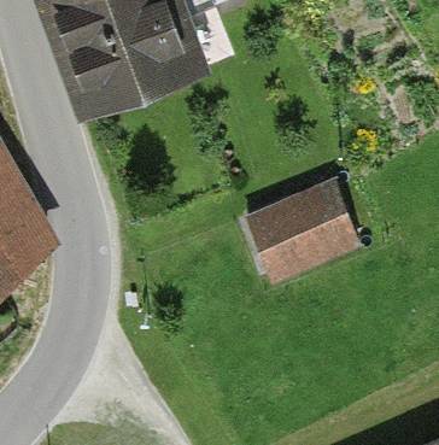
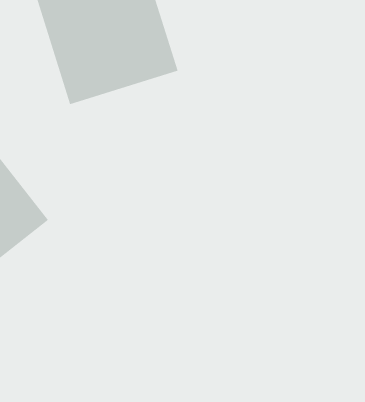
building: [250,176,365,283] -> none

